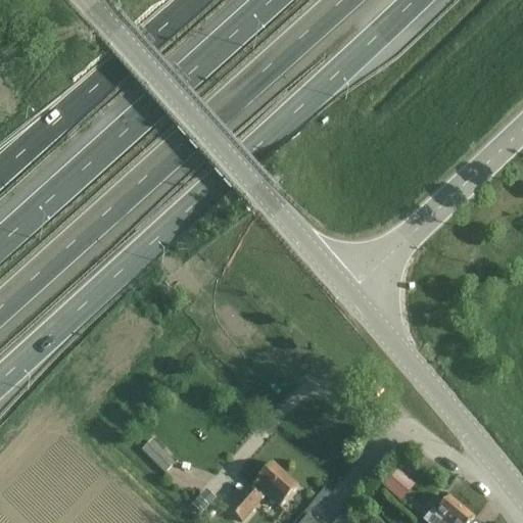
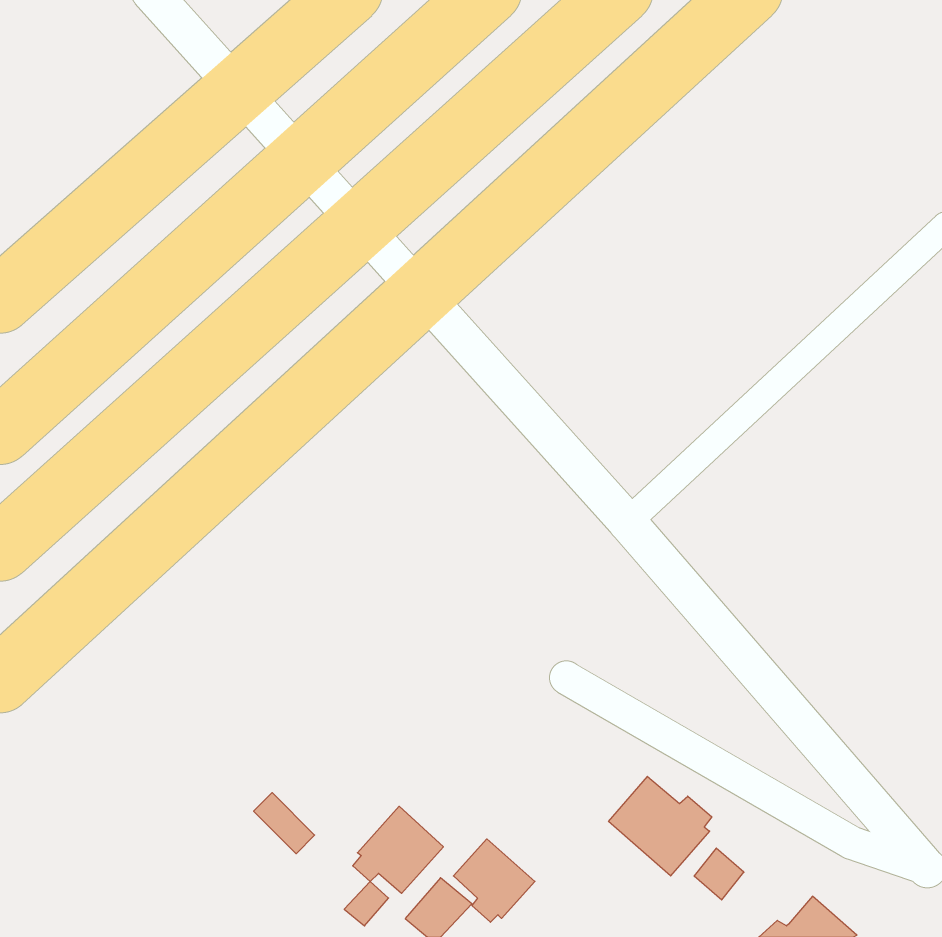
building: none -> [609,776,712,876]
building: none -> [353,806,443,893]

